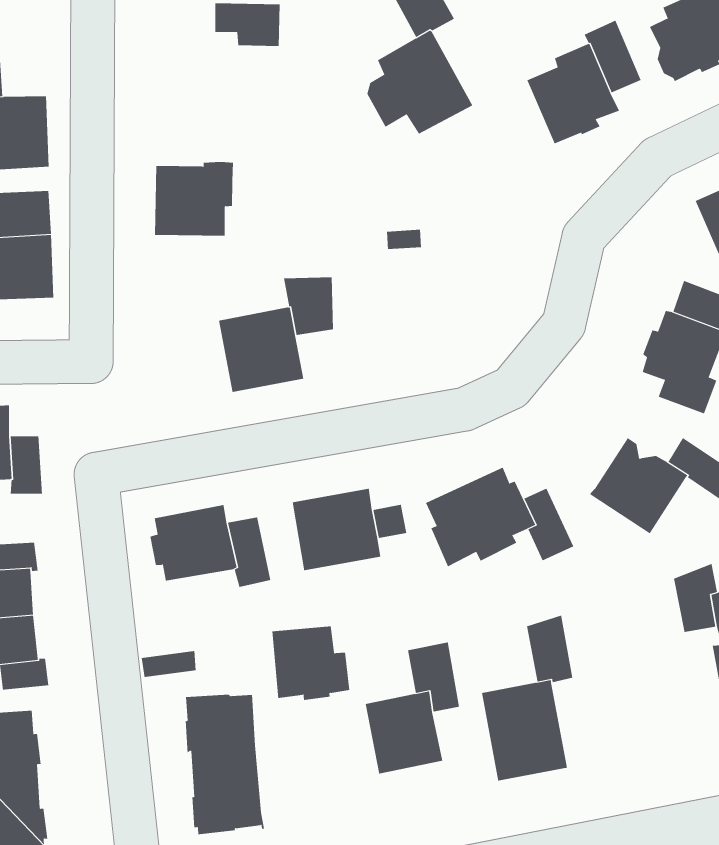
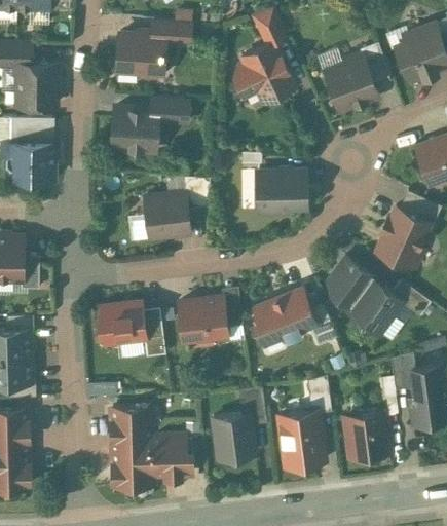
building: none -> [116,34,163,78]
building: none -> [150,97,188,122]
building: none -> [255,173,305,213]
building: none -> [327,258,371,306]
building: [272,626,350,701] -> [149,438,191,479]
building: none -> [343,413,388,459]

